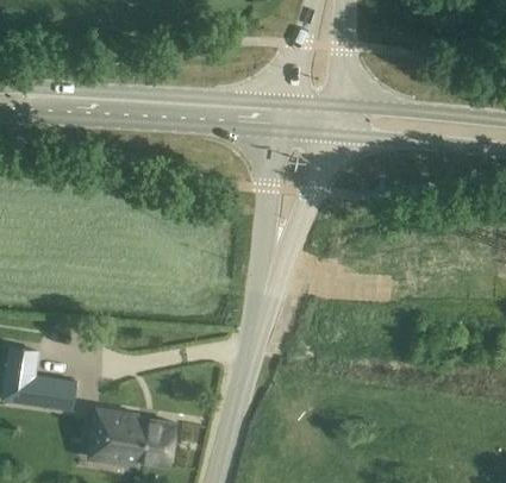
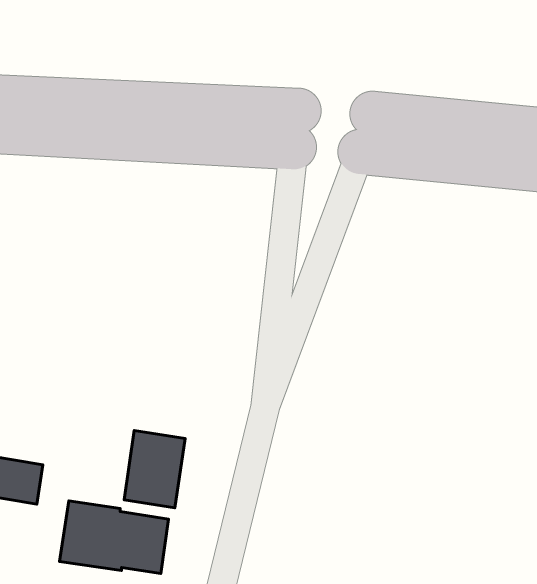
building: none -> [124,431,185,508]

